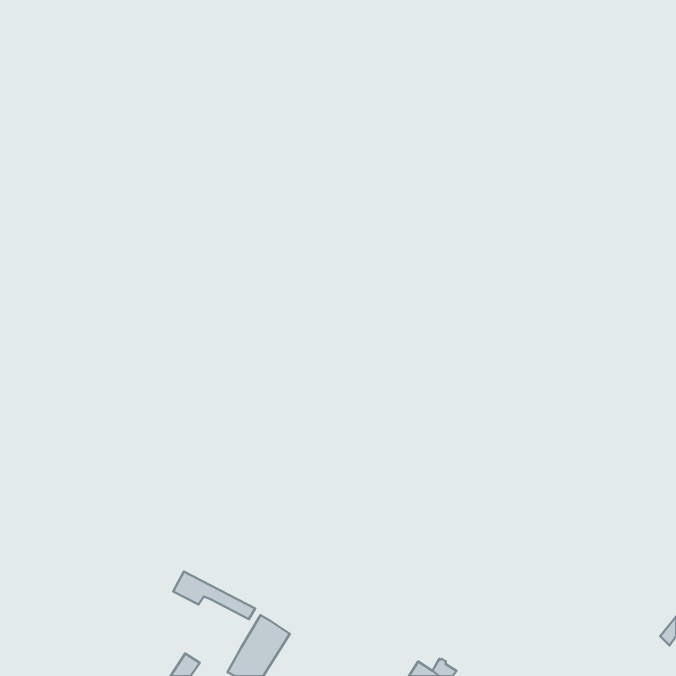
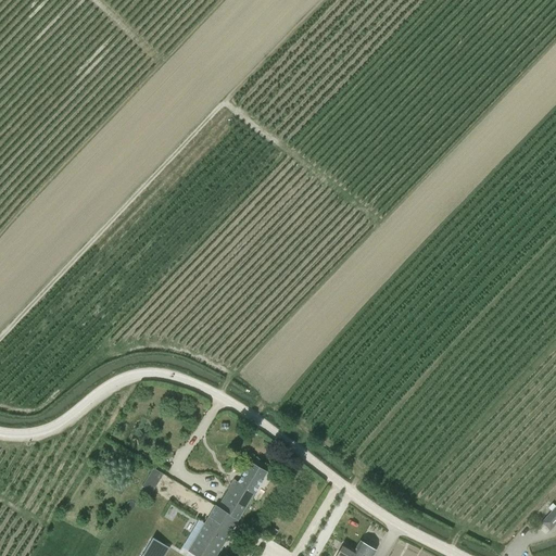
building: none -> [222,462,266,520]

